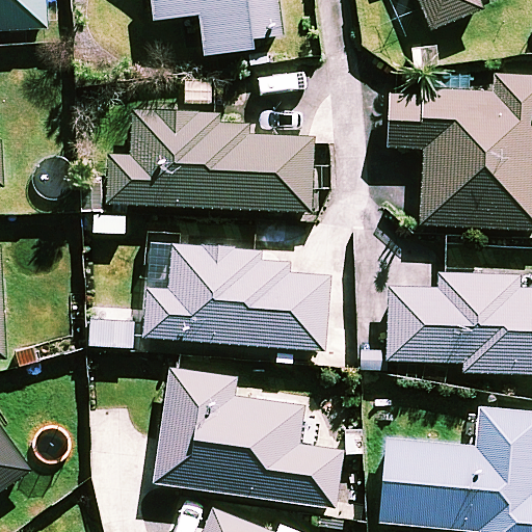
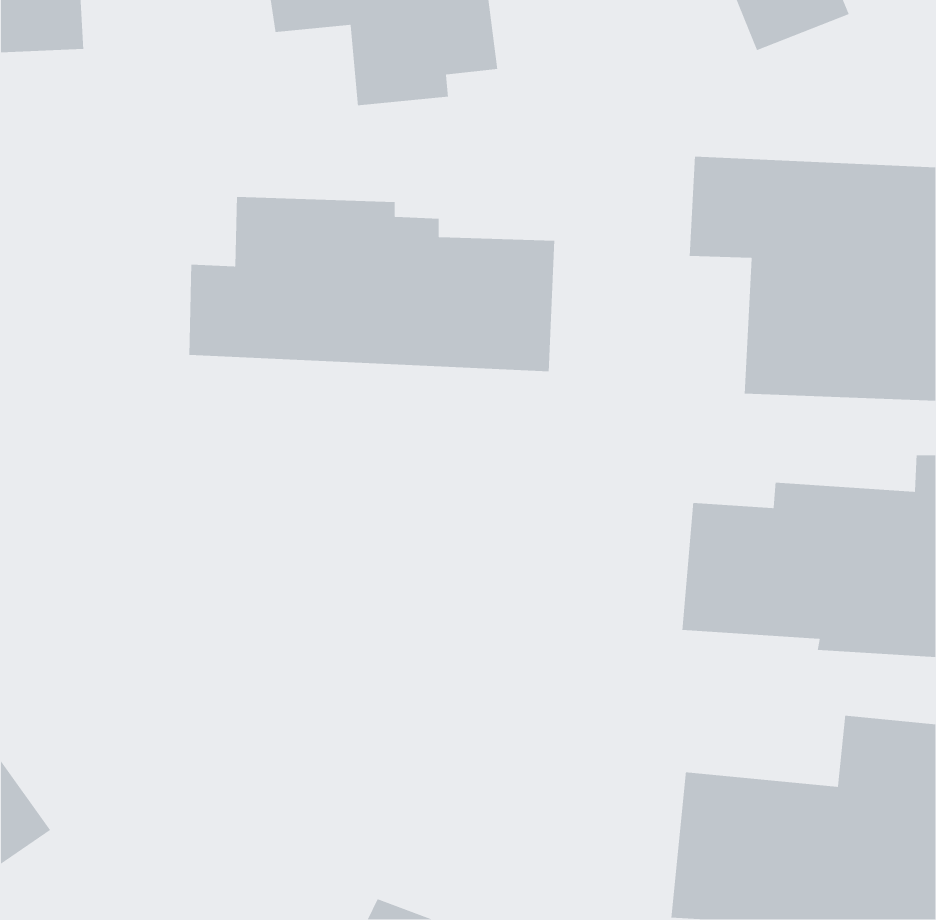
building: [144,244,330,349] -> none
building: [157,366,343,506] -> none

